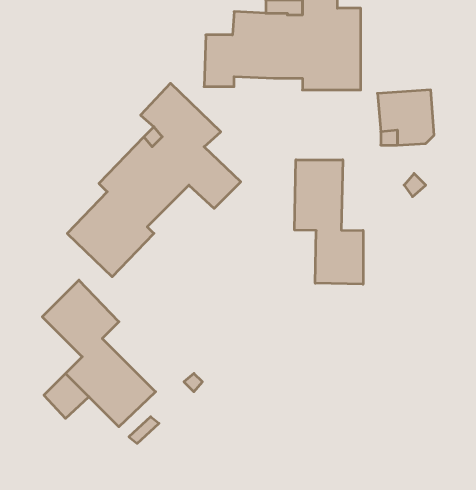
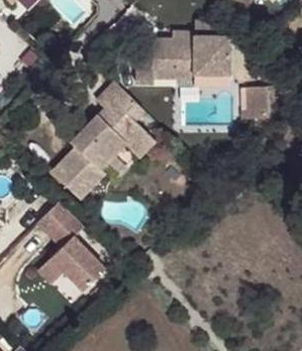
building: [295,160,363,284] -> none

